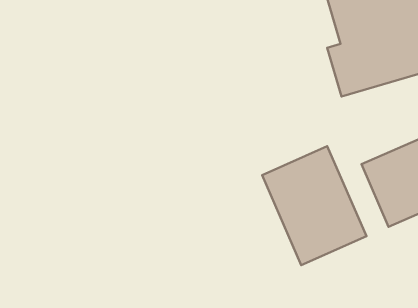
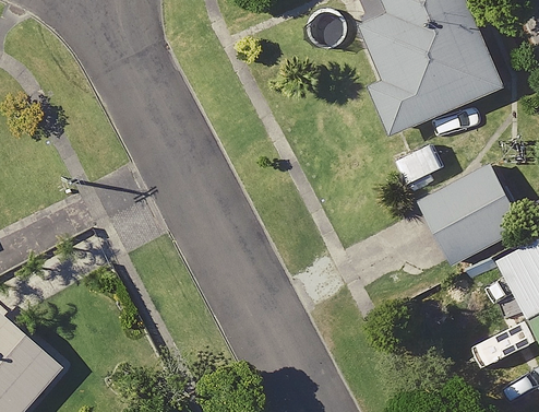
building: [262,146,366,265] -> none

